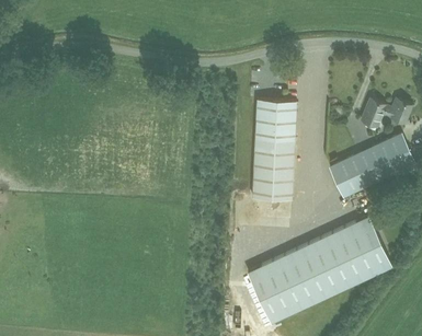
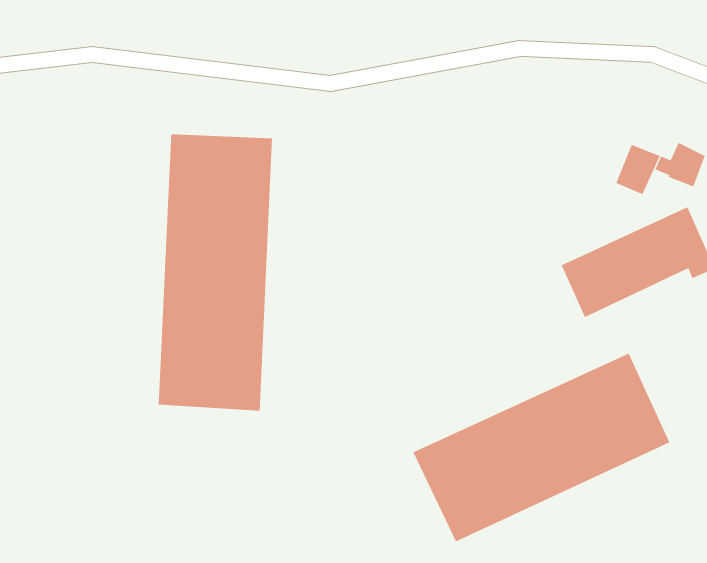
building: none -> [158,134,272,411]
building: [252,100,296,200] -> none

